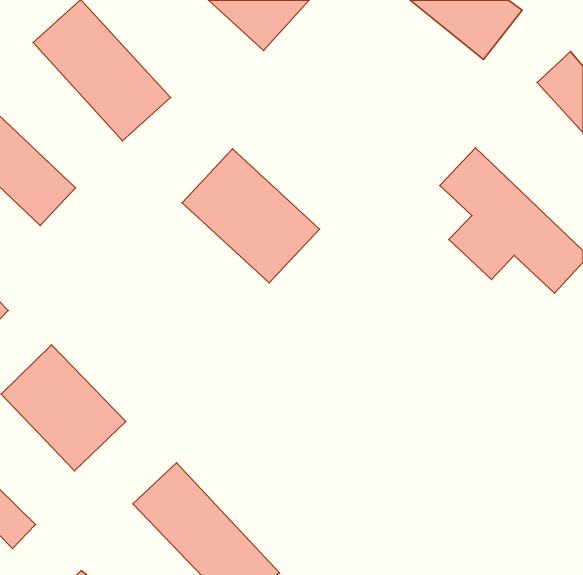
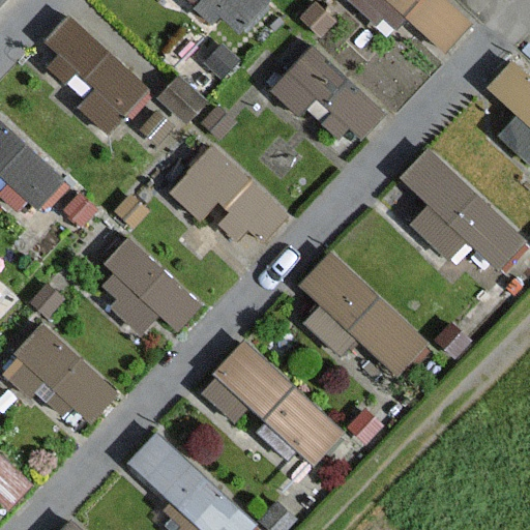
building: none -> [270,43,386,154]
building: none -> [97,242,203,345]
building: none -> [288,249,431,377]
building: none -> [196,340,347,469]

